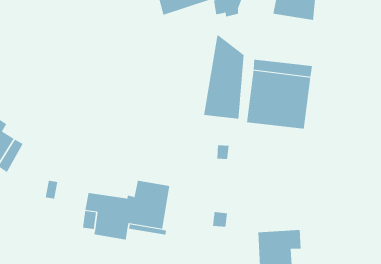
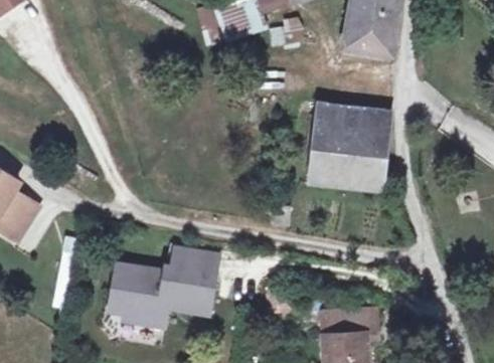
building: [204,34,244,119] -> none

